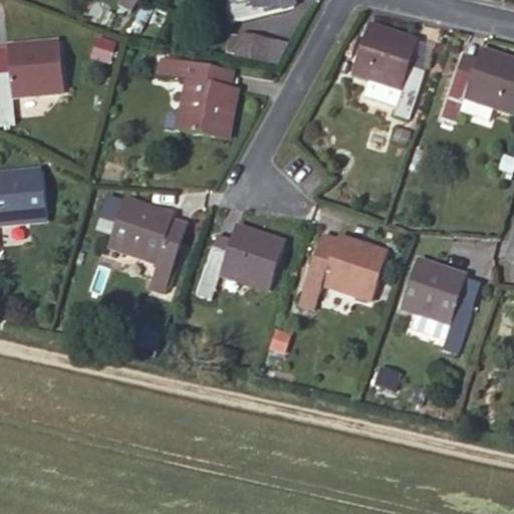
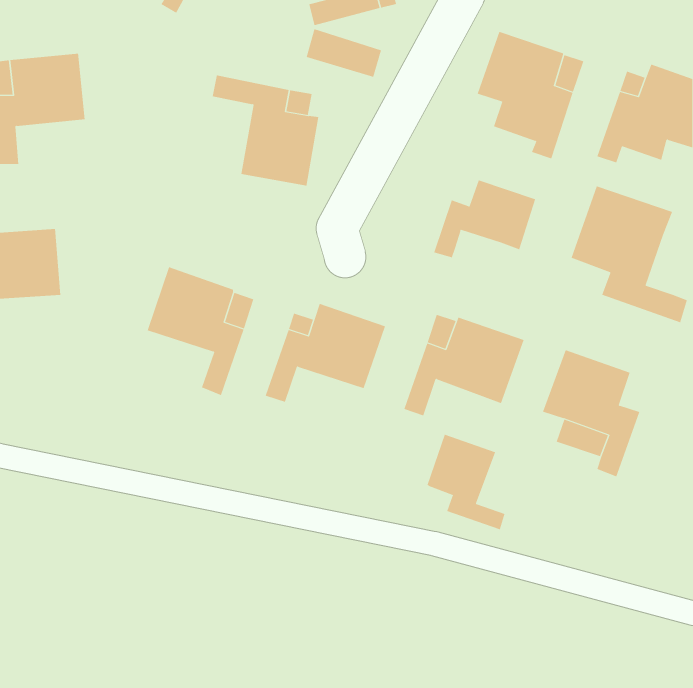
building: none -> [434,180,536,258]
building: none -> [571,185,688,323]
building: none -> [427,434,505,530]

